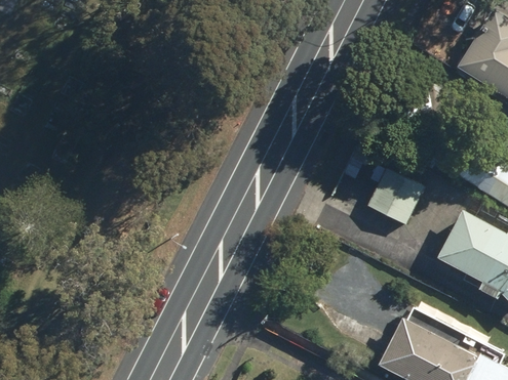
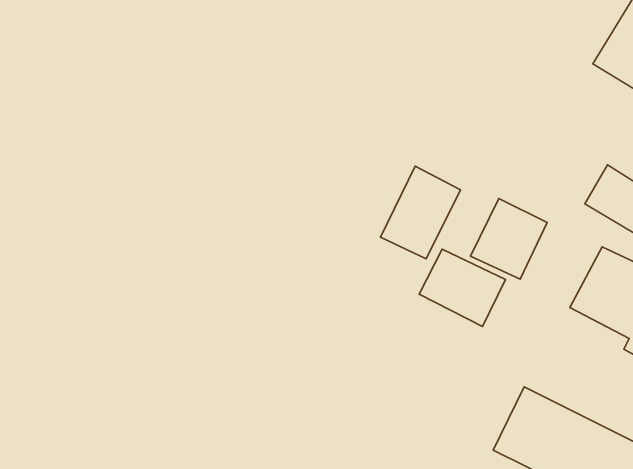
building: none -> [380,166,460,259]
building: none -> [419,249,505,326]

